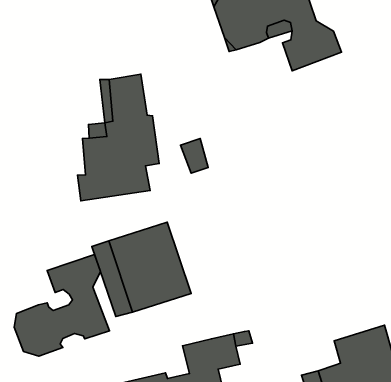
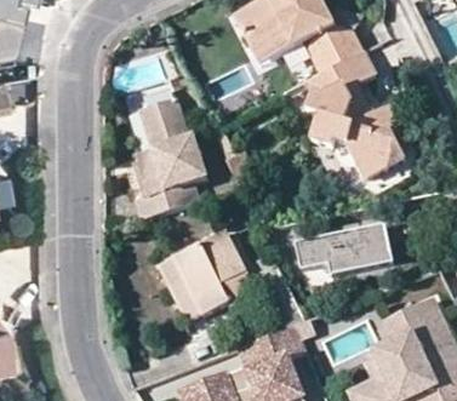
building: none -> [308,58,406,185]
building: none -> [297,220,392,271]
building: [14,255,109,356] -> none

